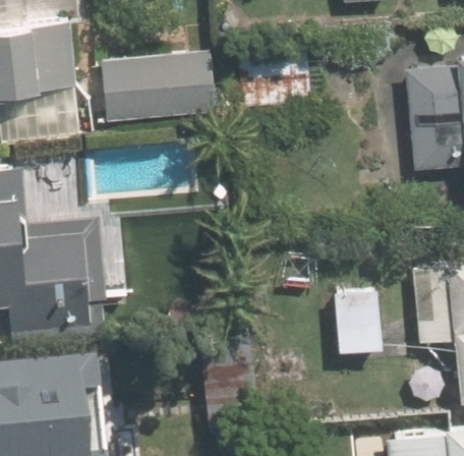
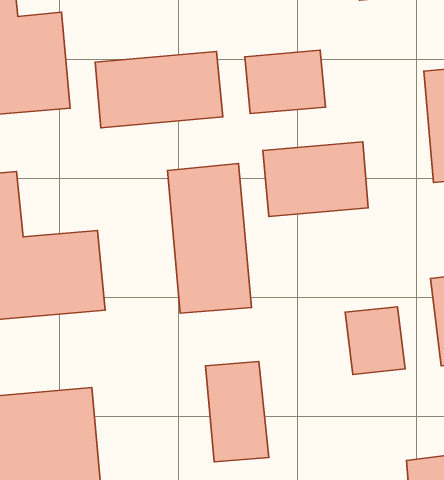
building: none -> [263,142,368,216]
building: none -> [168,164,251,313]

